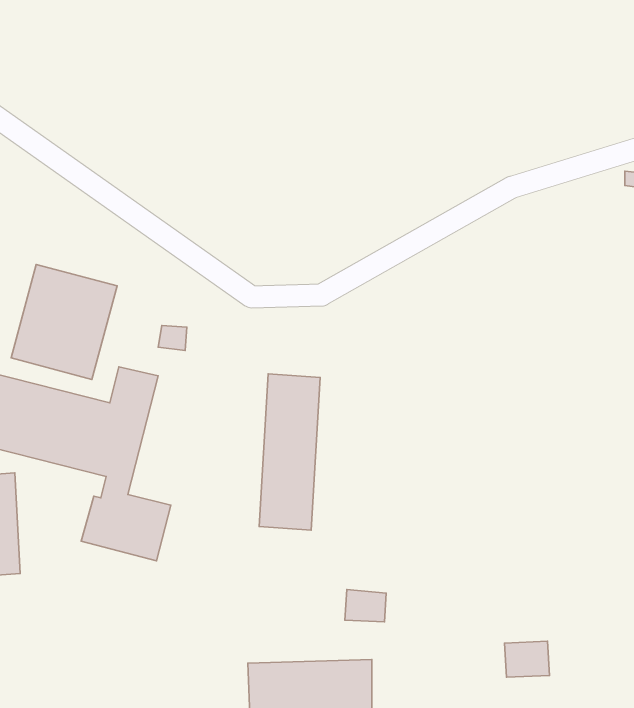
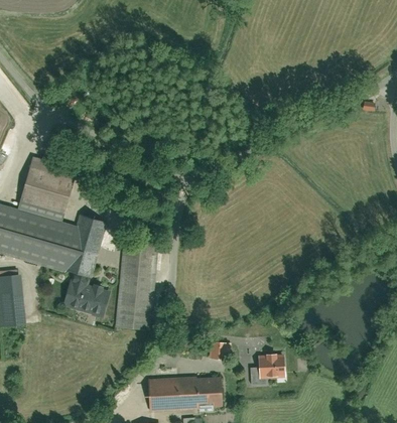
building: [259,374,320,530] -> [119,240,153,327]
building: [505,641,549,677] -> [259,358,284,378]

